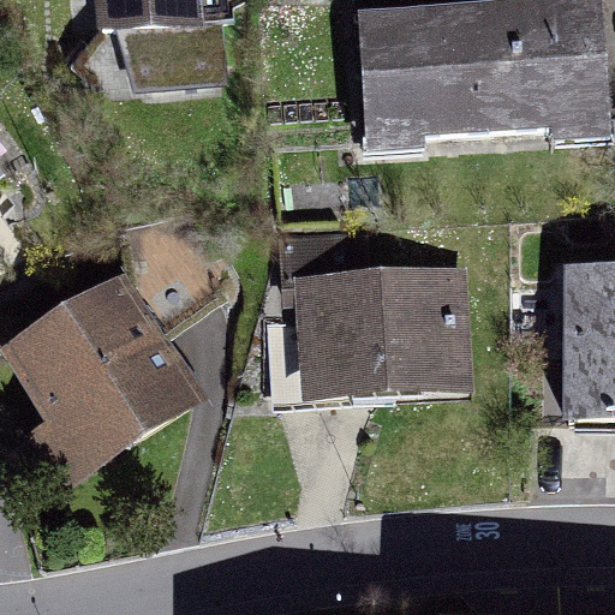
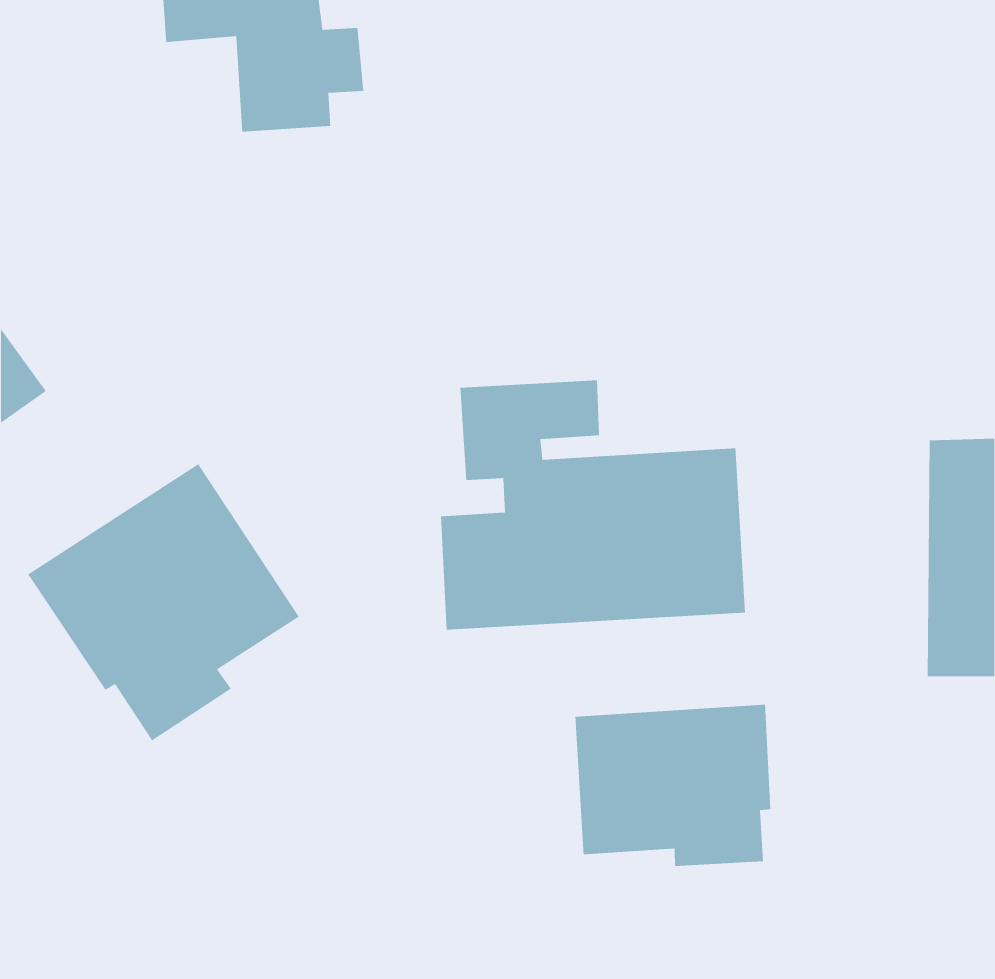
building: [362,5,609,137] -> none
building: none -> [575,704,771,867]

